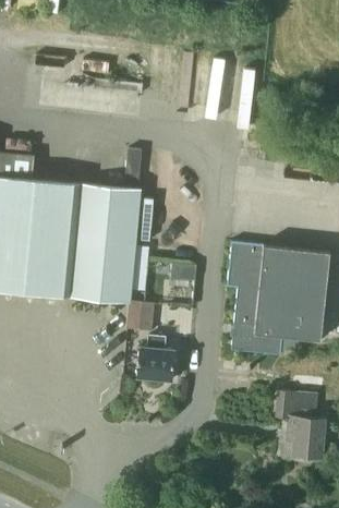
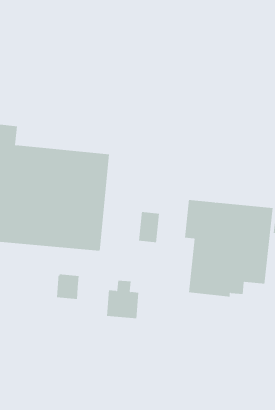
building: [125,303,153,332] -> [56,274,80,299]
building: [275,378,324,460] -> none

